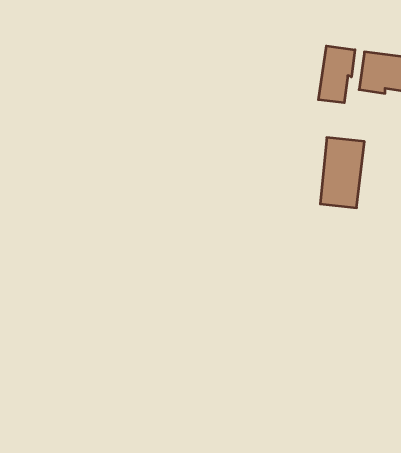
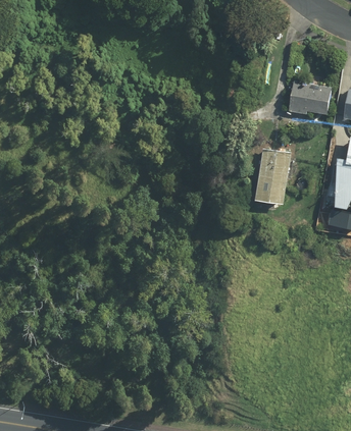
building: [318,46,355,103] -> none

